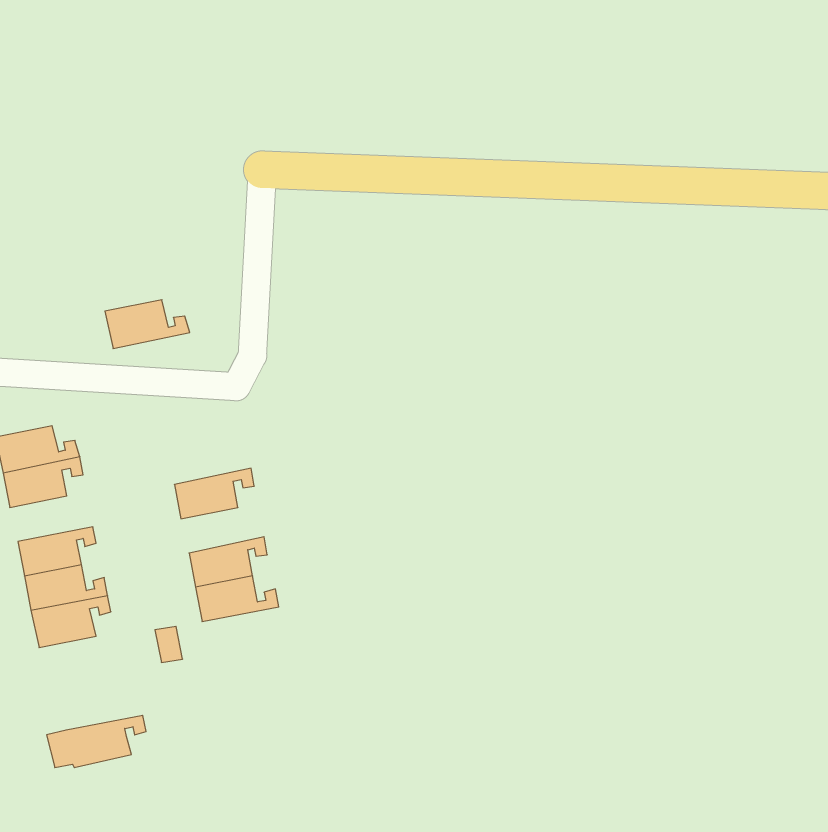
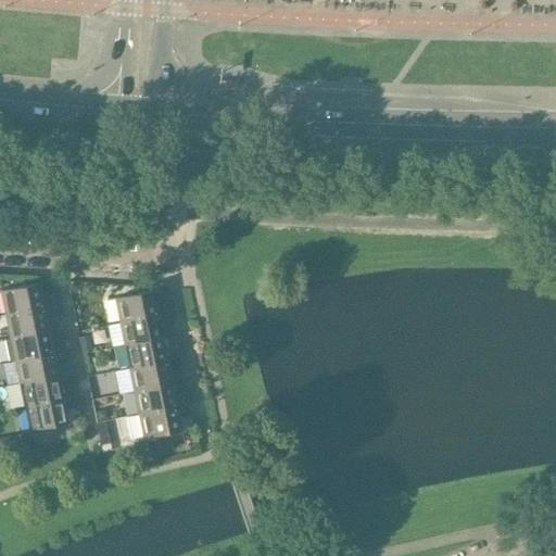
building: [105,300,190,349] -> [111,291,167,324]
building: none -> [7,331,62,362]
building: none -> [121,339,176,369]
building: [47,715,146,768] -> [122,405,188,440]

